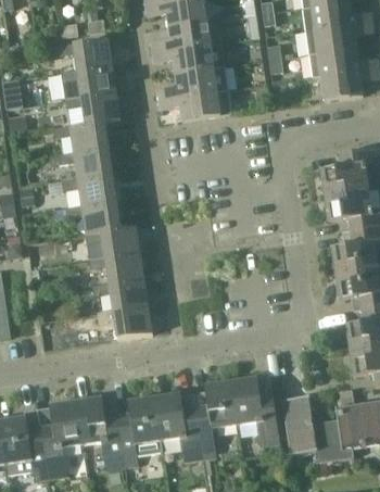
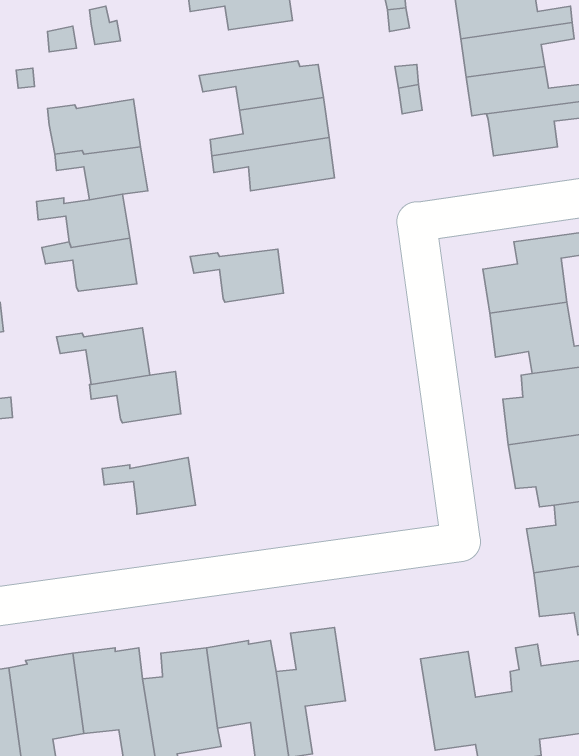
building: [150,20,210,52] -> none
building: [58,39,112,72] -> none
building: [62,176,117,207] -> [190,249,283,302]
building: [89,253,144,286] -> none
building: [97,307,153,340] -> none
building: [231,370,280,443] -> none

